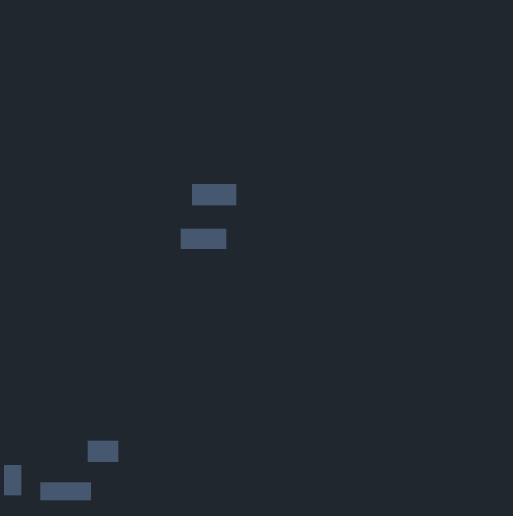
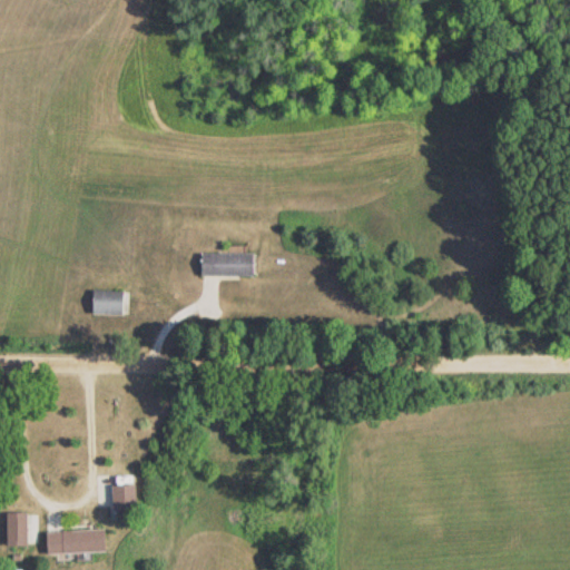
building: [191,183,237,206] -> none
building: none -> [92,289,129,314]

